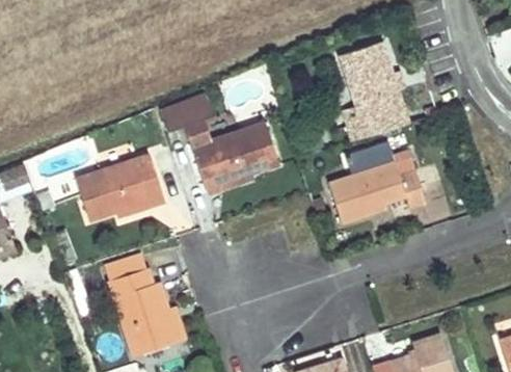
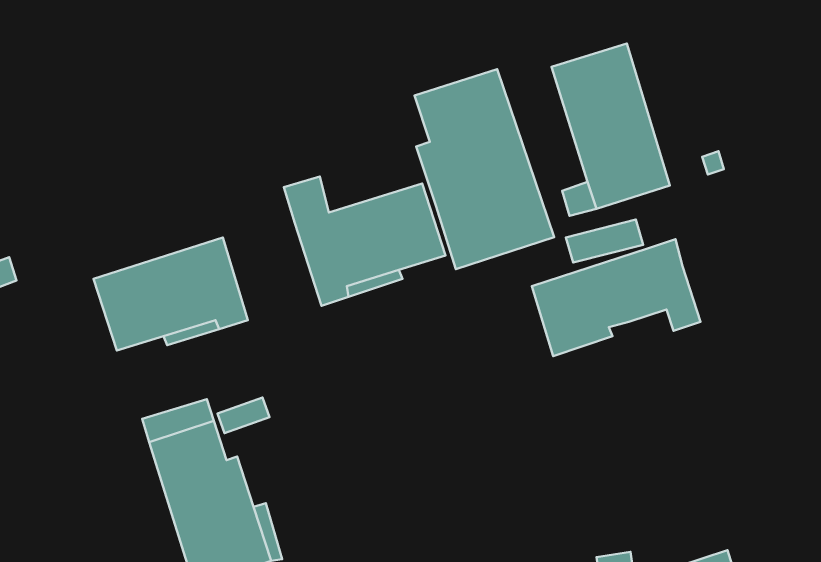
building: none -> [414,69,554,269]
building: [163,94,214,129] -> none

